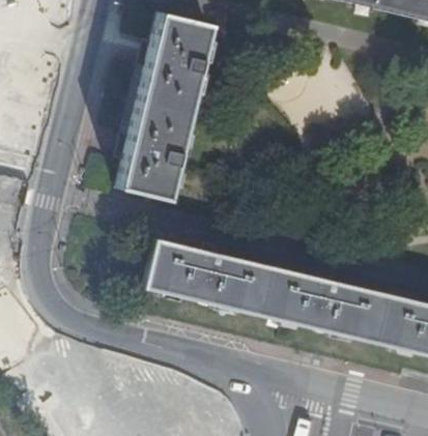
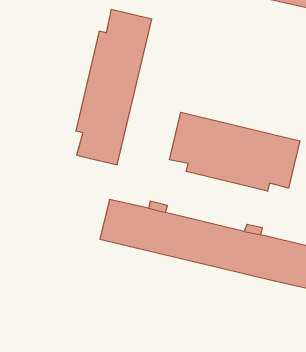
building: none -> [169,112,300,191]

